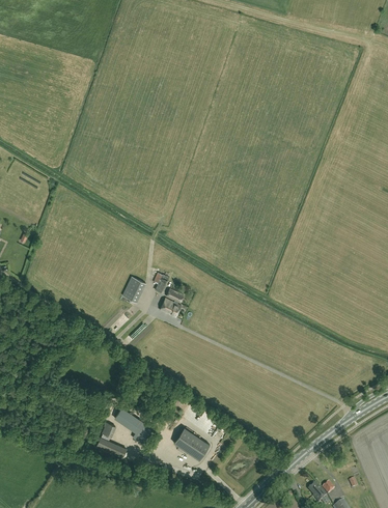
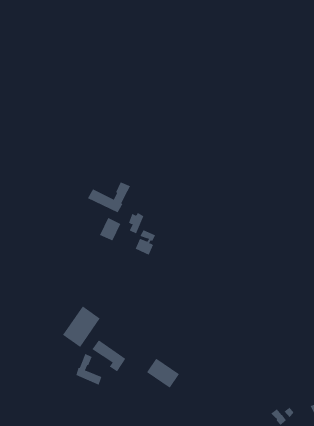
building: none -> [87,181,131,213]
building: none -> [62,306,101,348]

